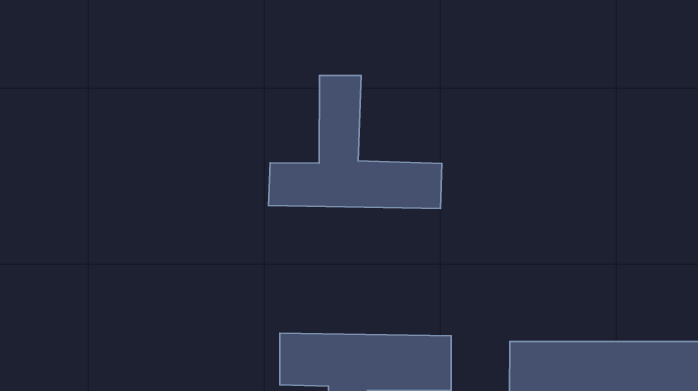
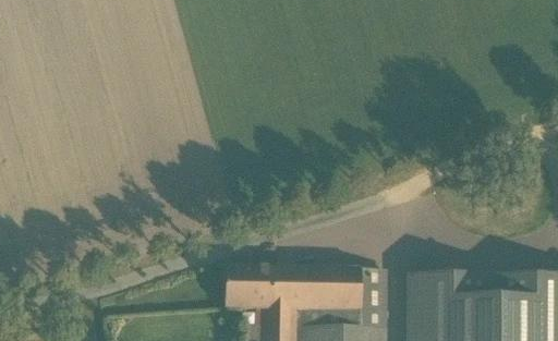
building: [269,75,442,208] -> none

